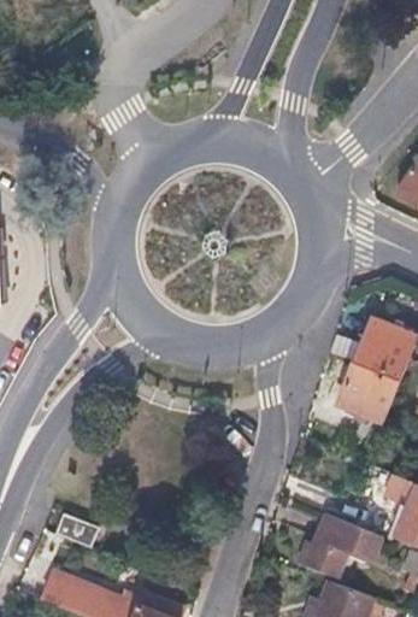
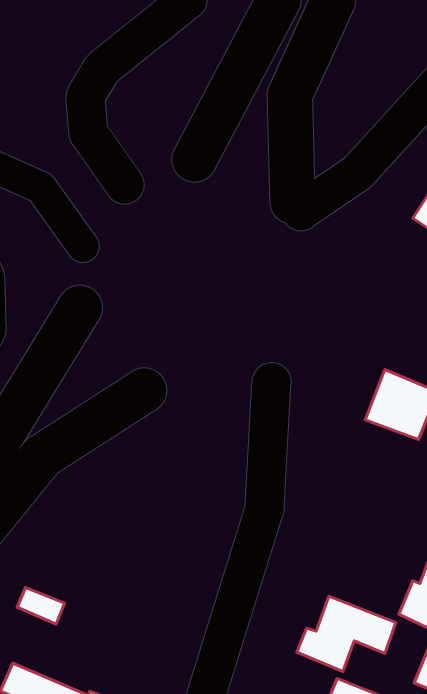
building: [338,362,401,421] -> none

